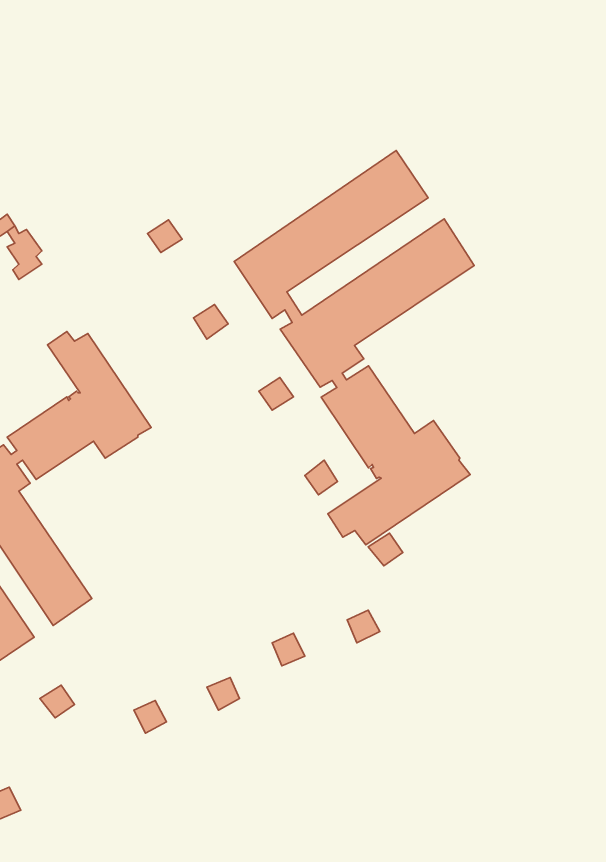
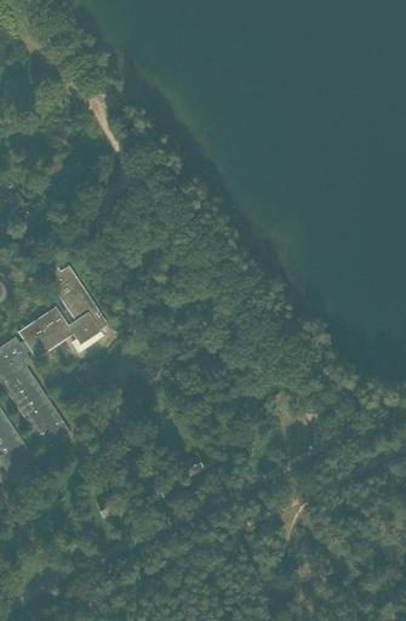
building: [234,150,474,545] -> none

